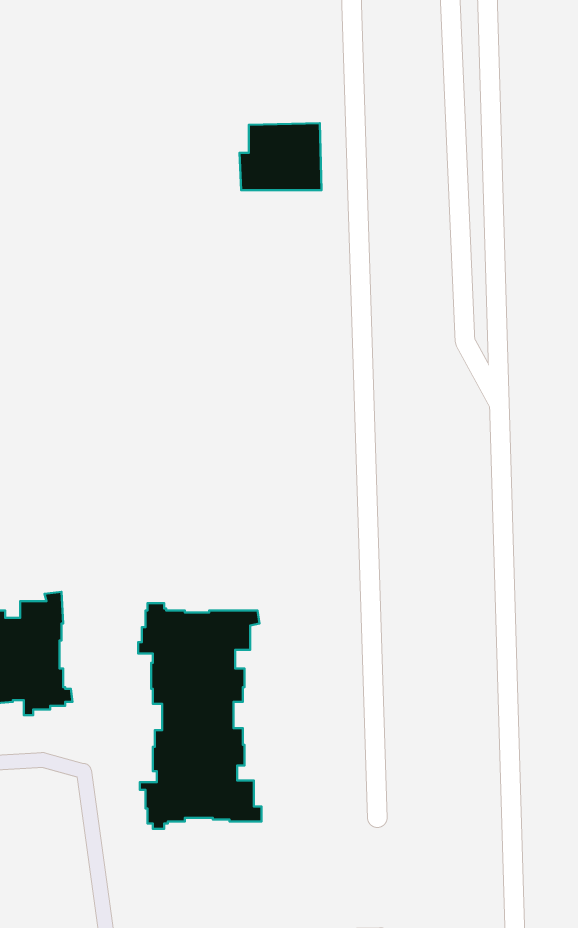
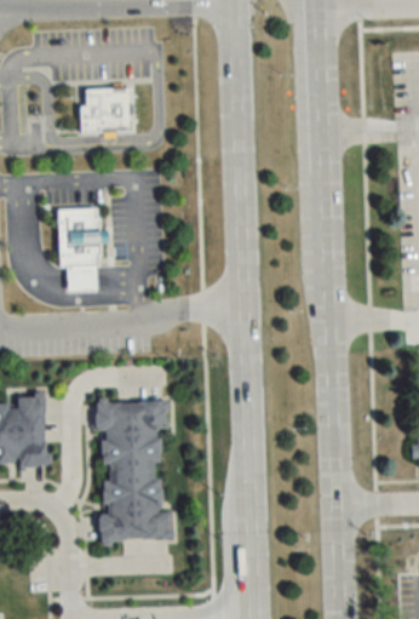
building: [239,123,322,190] -> [84,87,137,131]
building: none -> [61,210,103,292]

